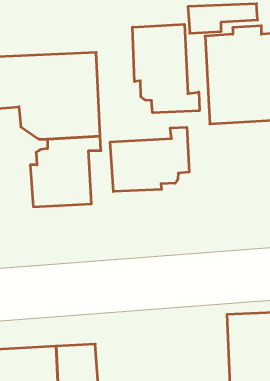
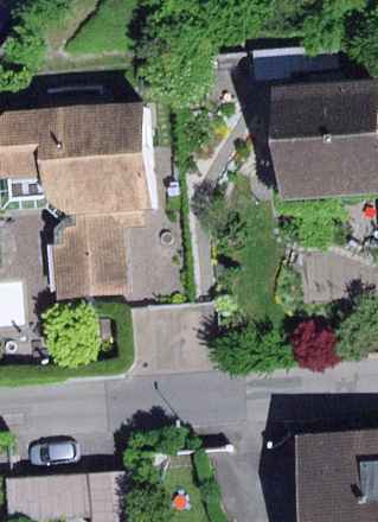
building: [133,24,199,113] -> none
building: [110,127,189,192] -> none

